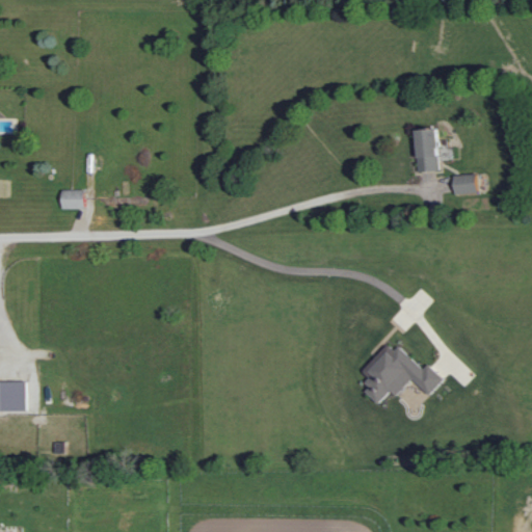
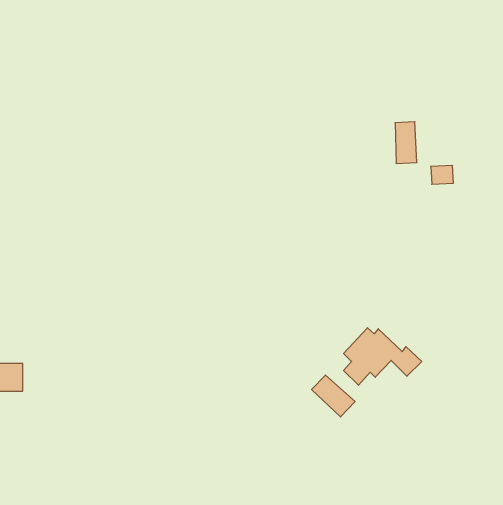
building: [59,190,82,210] -> none
building: none -> [312,375,355,417]

